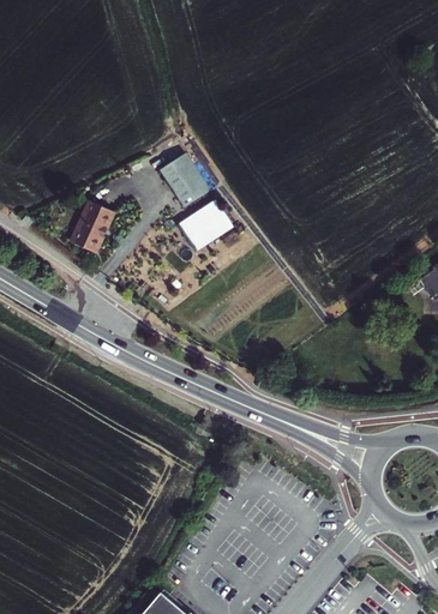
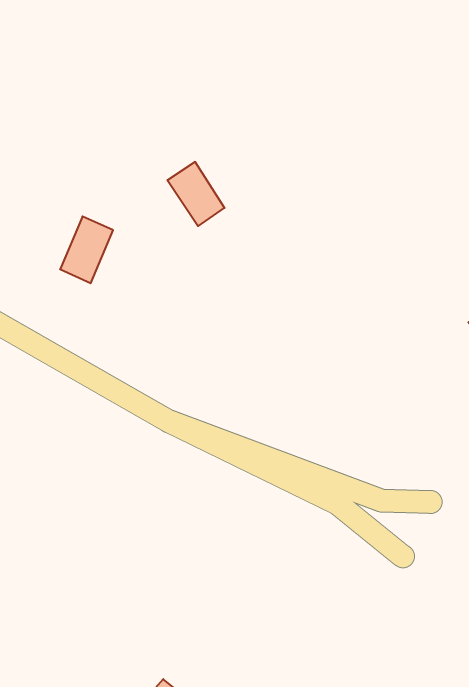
building: [185,199,238,248] -> none

